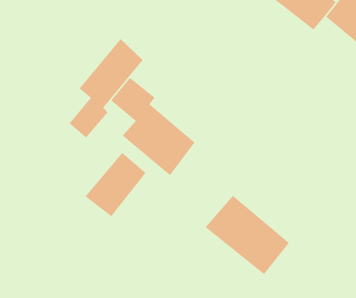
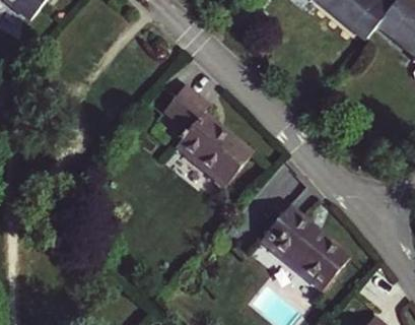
building: [68,38,144,138] -> none
building: [85,152,147,217] -> none

